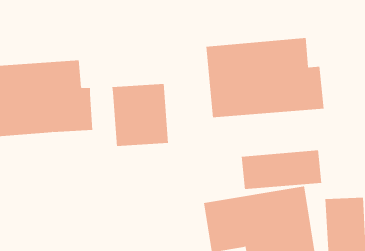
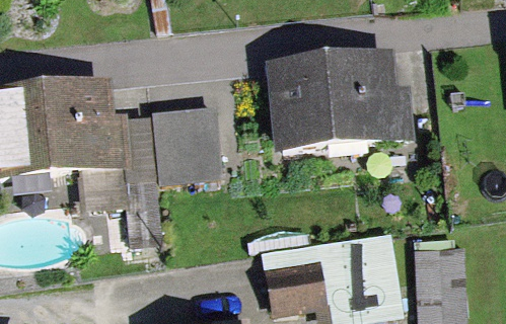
building: none -> [77,117,160,245]
building: [241,149,322,190] -> none

